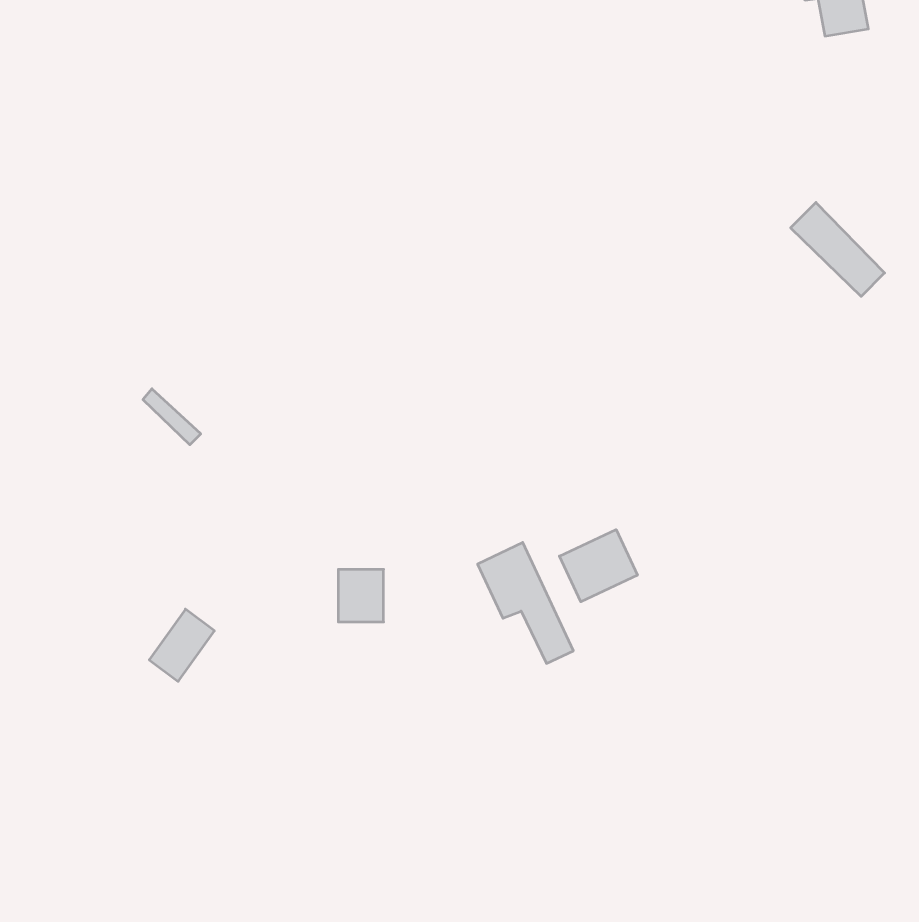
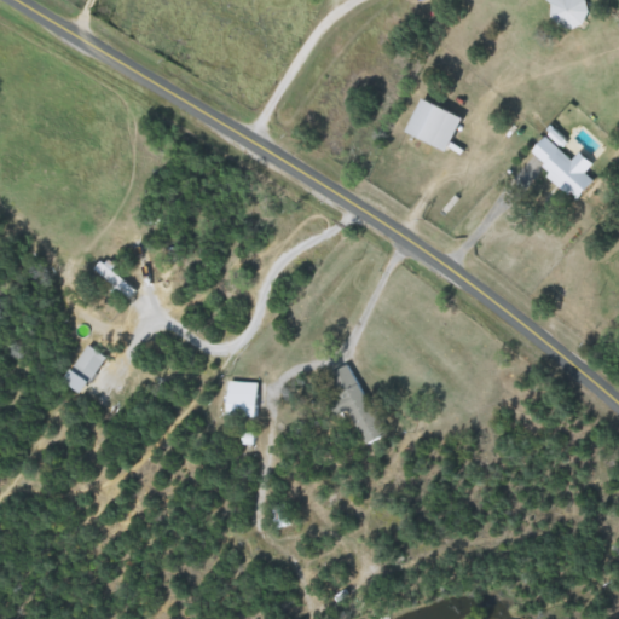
building: none -> [406,97,464,150]
building: [559,530,637,602] -> none
building: [149,609,214,681] -> [64,343,108,392]

